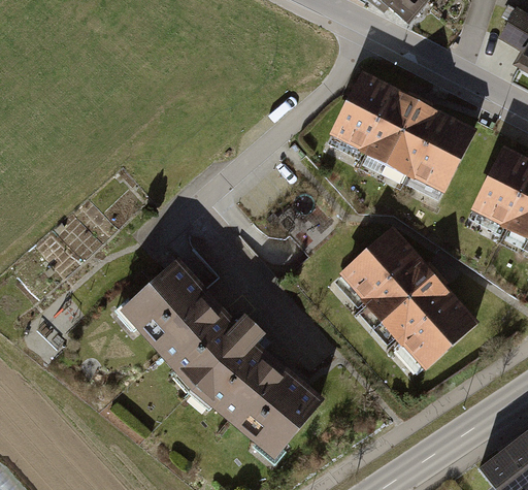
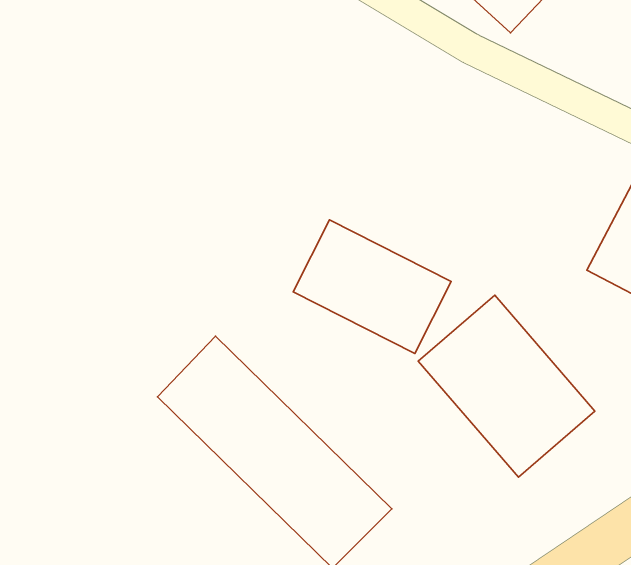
building: [326,70,473,196] -> none
building: none -> [293,220,451,353]

